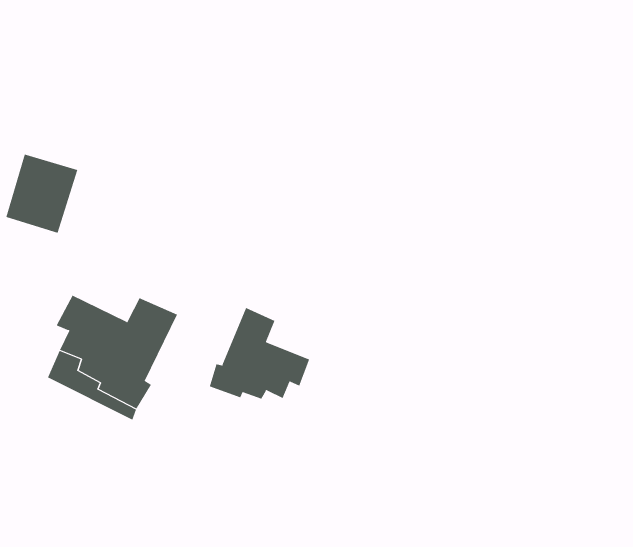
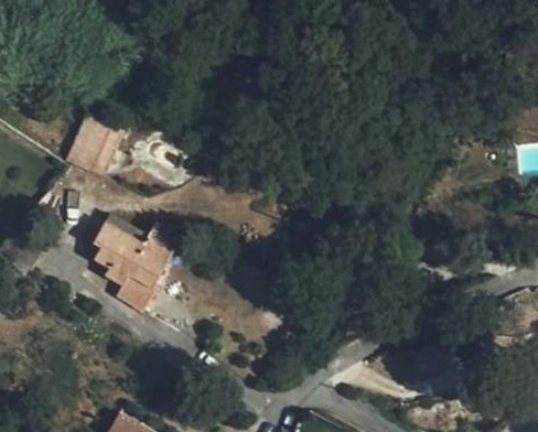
building: [209,307,310,399] -> none

